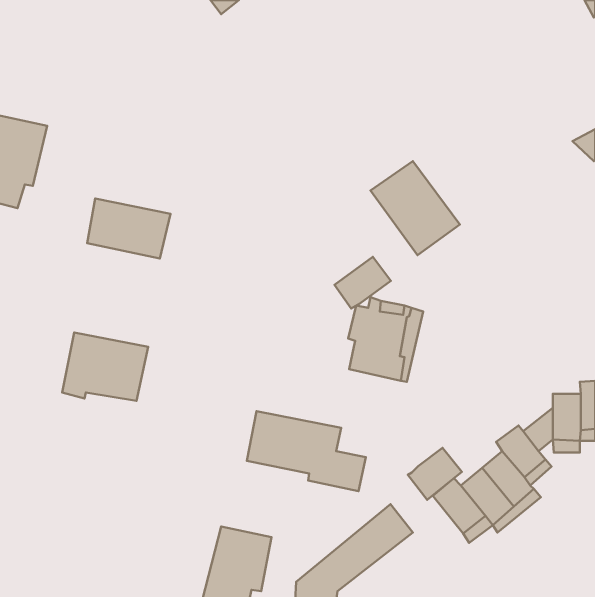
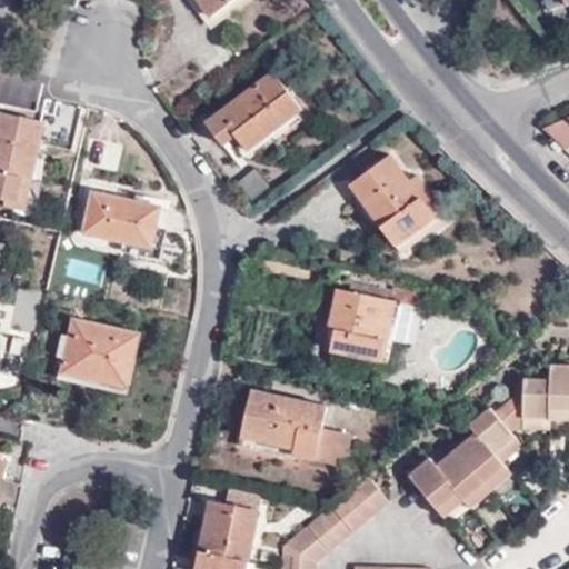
building: none -> [204,69,301,150]
building: [334,257,391,308] -> none
building: [408,448,462,500] -> none

